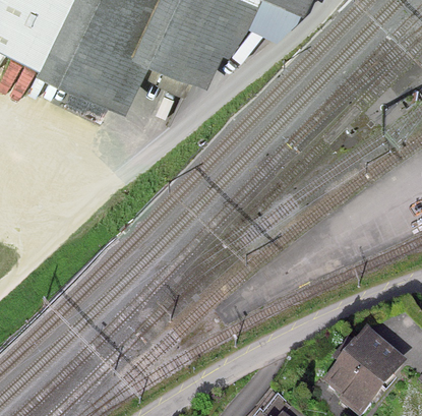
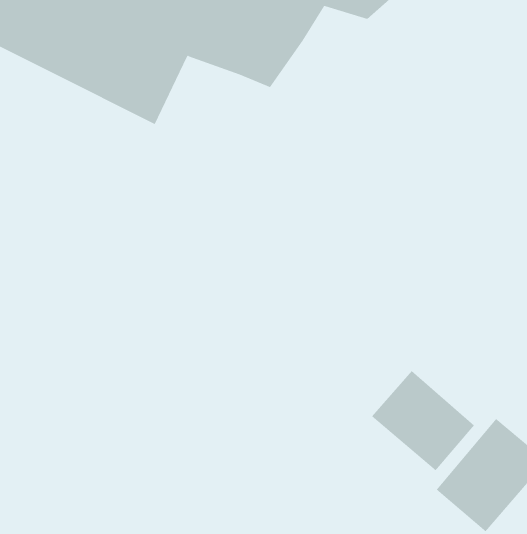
building: none -> [371,370,475,471]

